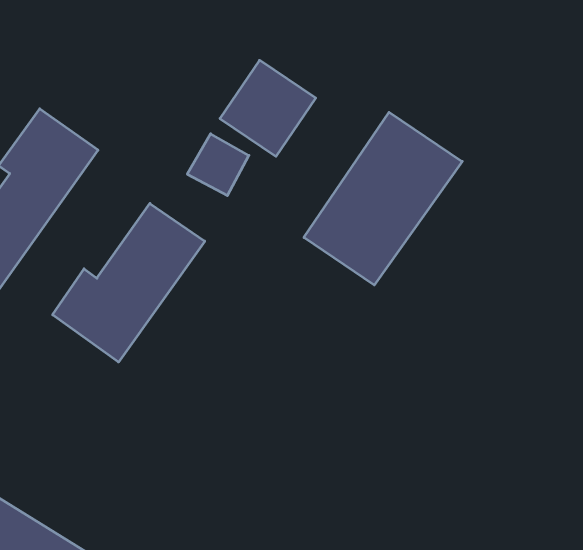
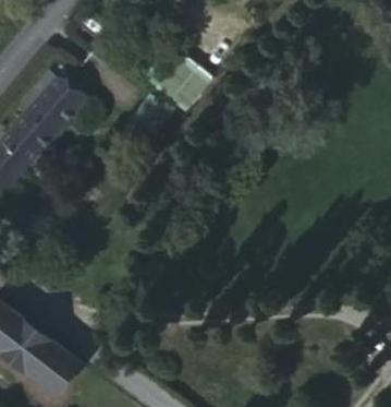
building: [304,112,462,285] -> none
building: [53,203,205,362] -> none

